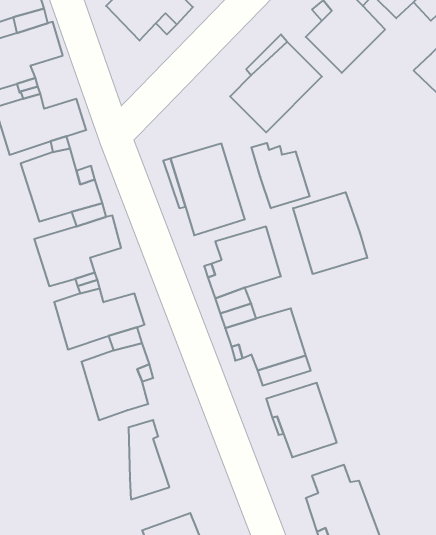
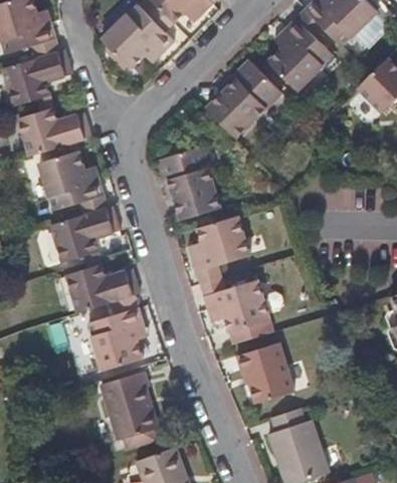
building: [251,143,310,208] -> none
building: [293,192,367,274] -> none
building: none -> [103,378,127,438]

